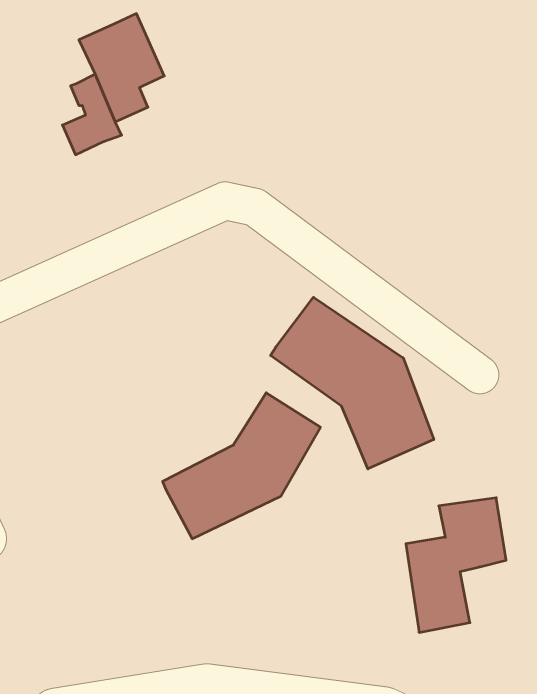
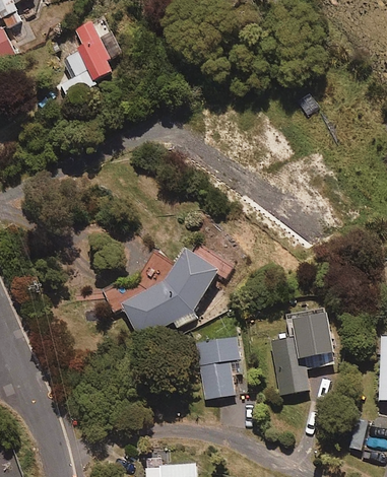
building: [271,297,434,469] -> none
building: none -> [194,336,240,400]

